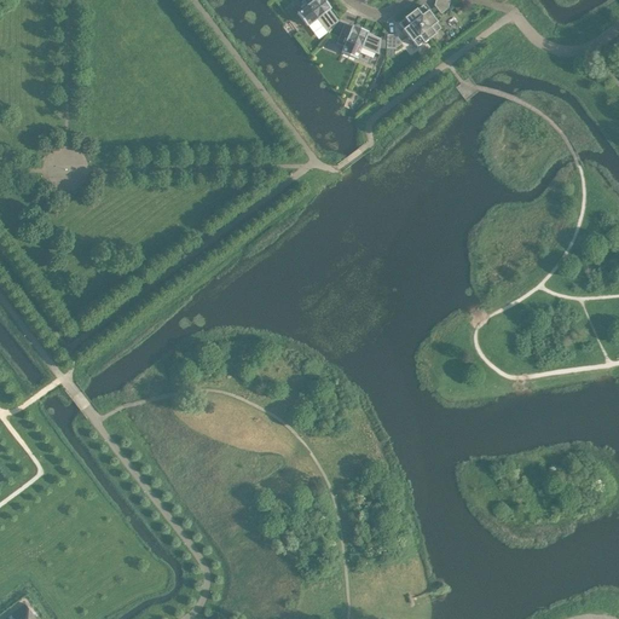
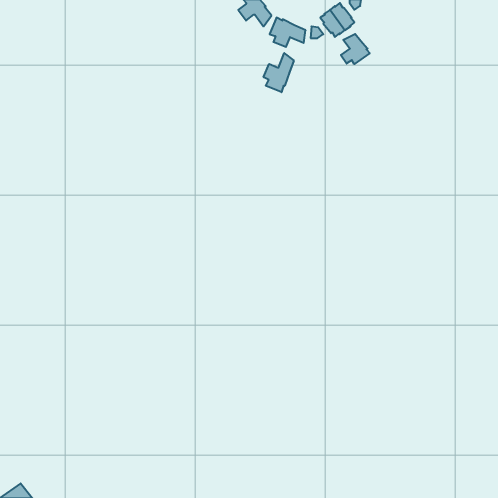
building: none -> [341,34,370,64]
building: none -> [264,53,294,92]

